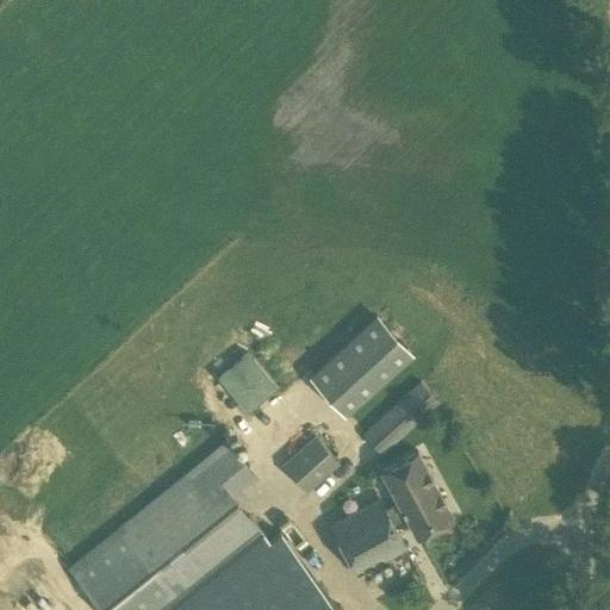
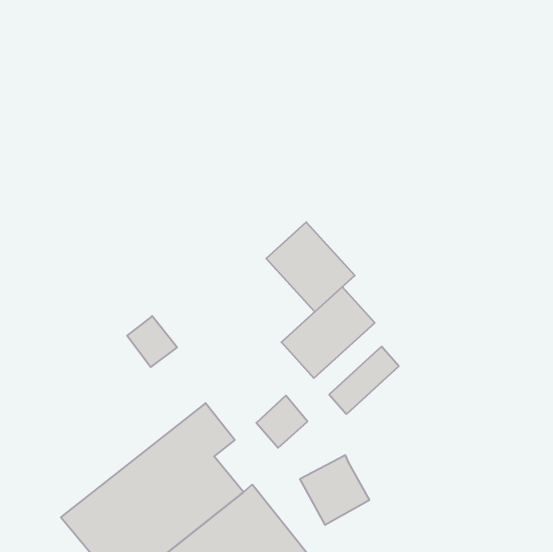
building: none -> [266,222,355,312]
building: [216,357,270,413] -> [127,316,177,367]
building: [380,455,452,541] -> none

